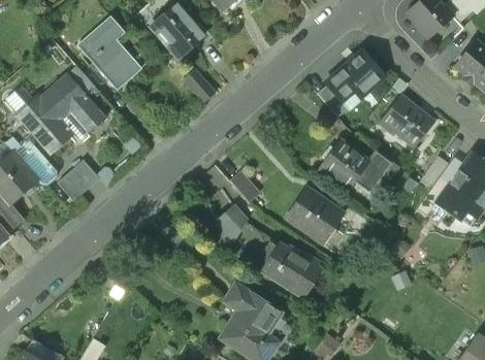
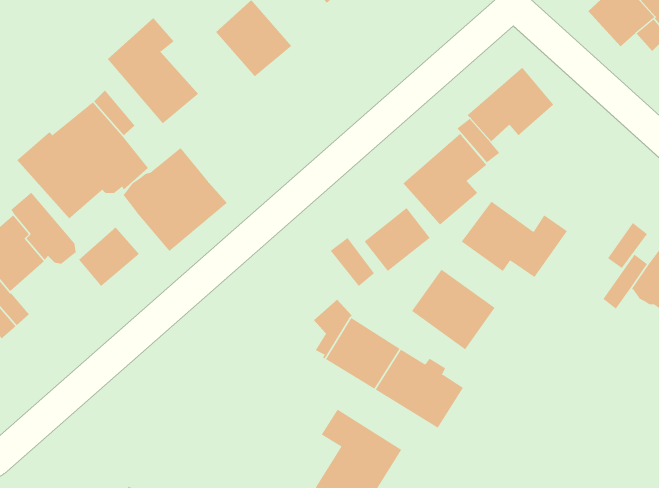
building: [182,68,215,103] -> none
building: none -> [402,133,487,226]
building: [381,96,433,146] -> none
building: none -> [123,147,227,252]
building: none -> [364,207,430,272]

